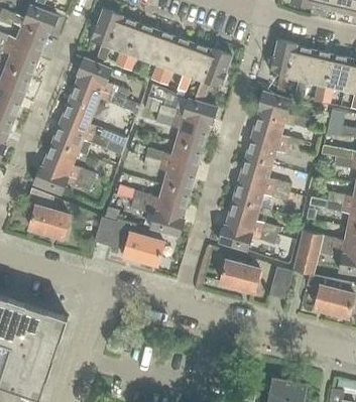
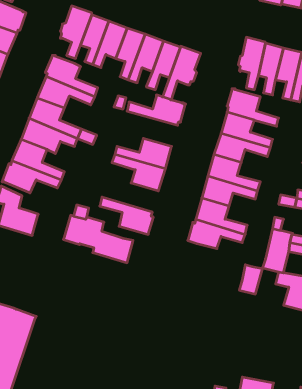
building: [154,114,208,149] -> none
building: [132,185,189,215] -> none
building: [219,261,259,291] -> none

